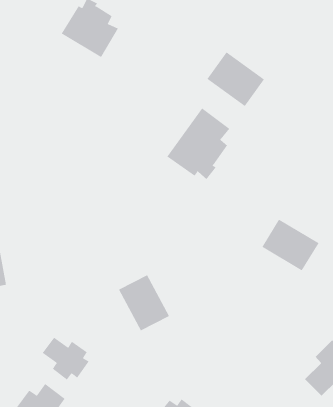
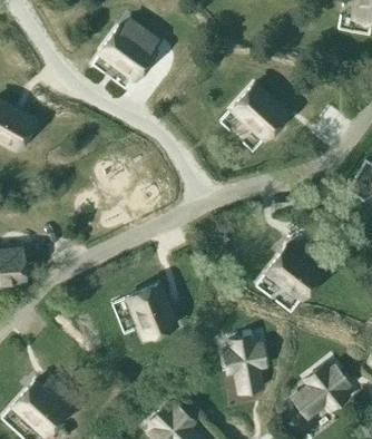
building: [166,108,230,180] -> none
building: none -> [223,336,265,393]
building: [42,337,89,380] -> none

